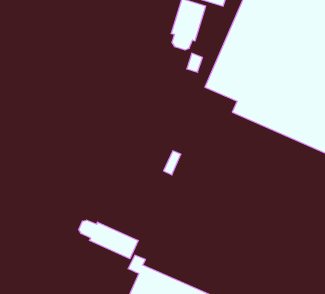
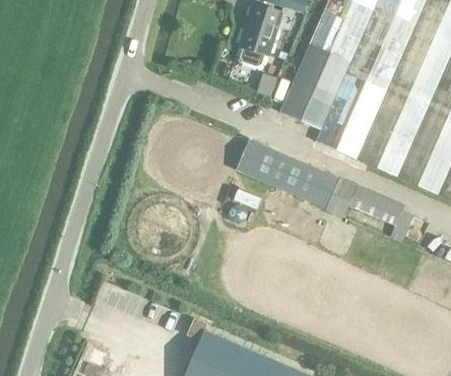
building: none -> [237,138,413,240]
building: [79,220,138,259] -> none

